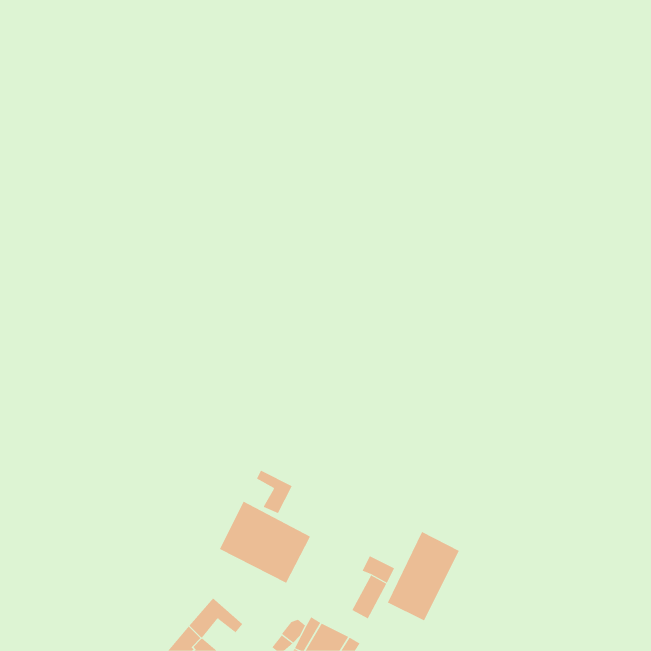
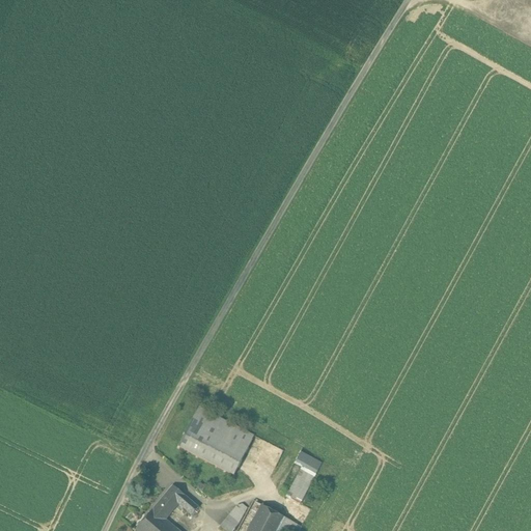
building: [256,470,292,514] -> none
building: [387,531,459,621] -> none

